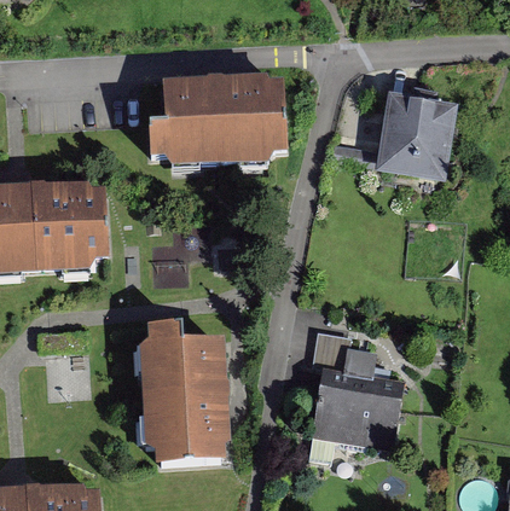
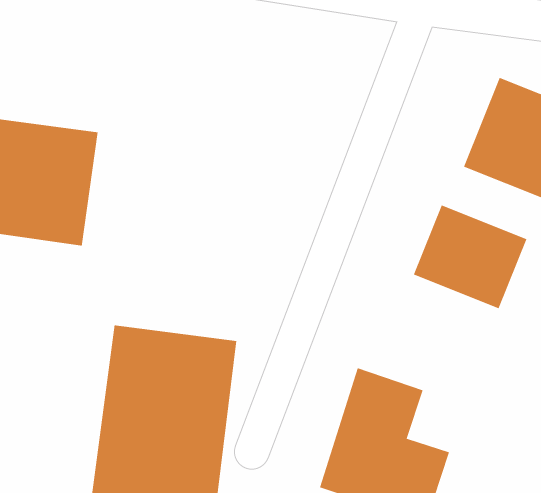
building: [138,79,288,169] -> none
building: none -> [413,204,527,309]

